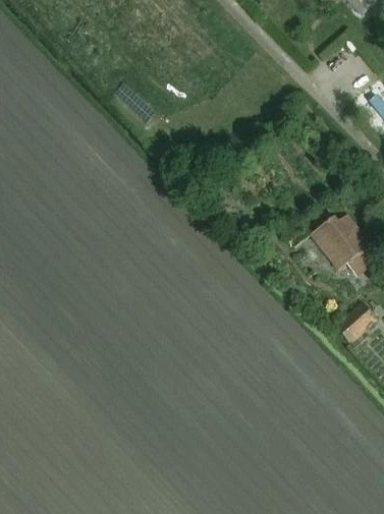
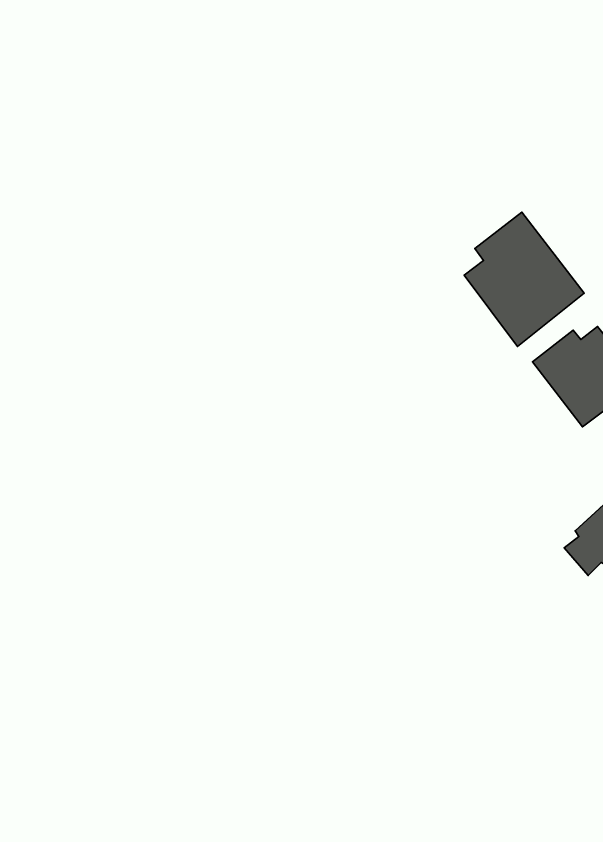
building: none -> [464,212,584,347]

